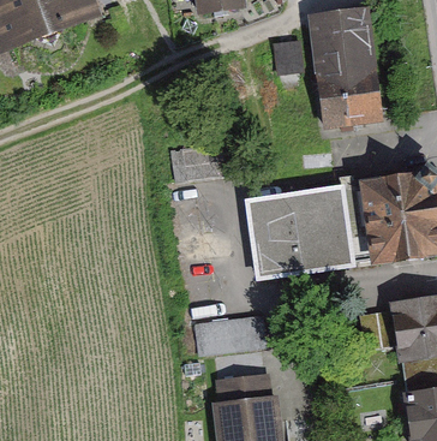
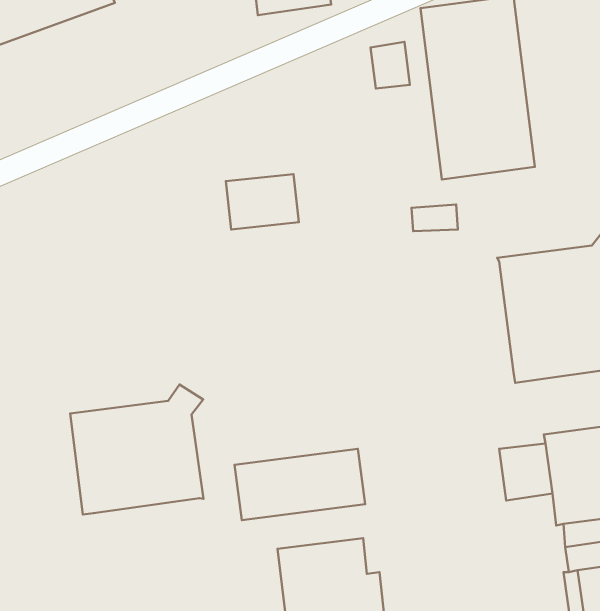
building: [244,185,369,279] -> none
building: none -> [70,385,203,514]

